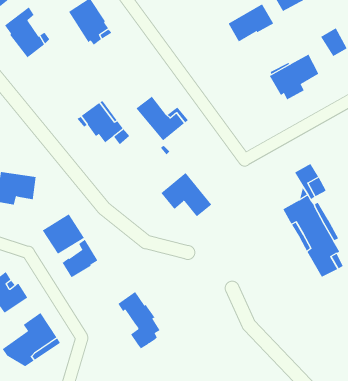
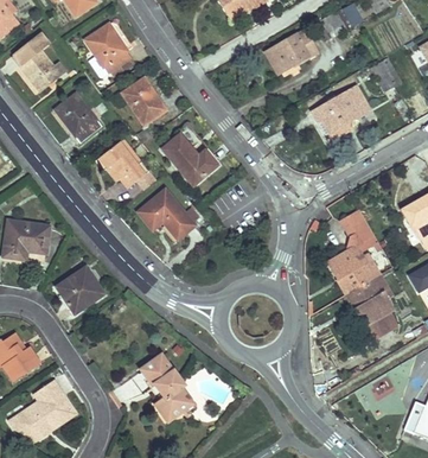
building: none -> [121,76,166,126]
building: none -> [56,93,101,141]
building: [161,172,212,217] -> [136,187,194,238]
building: [62,239,98,278] -> none

